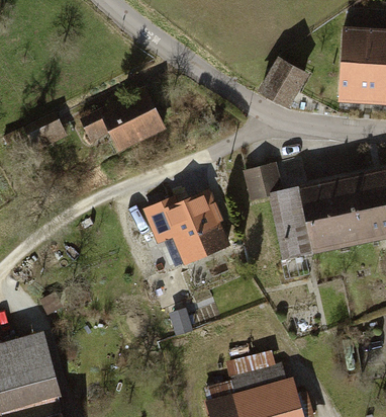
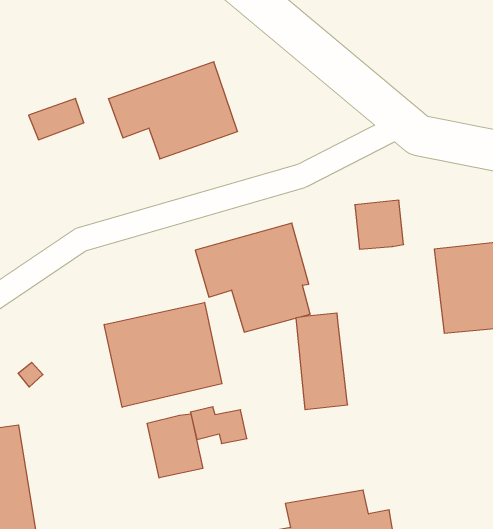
building: [262,62,304,105] -> none
building: [274,189,313,254] -> [296,313,348,410]
building: none -> [104,302,222,407]
building: none -> [147,414,203,478]

